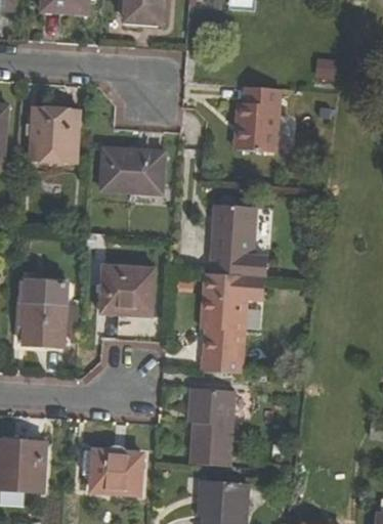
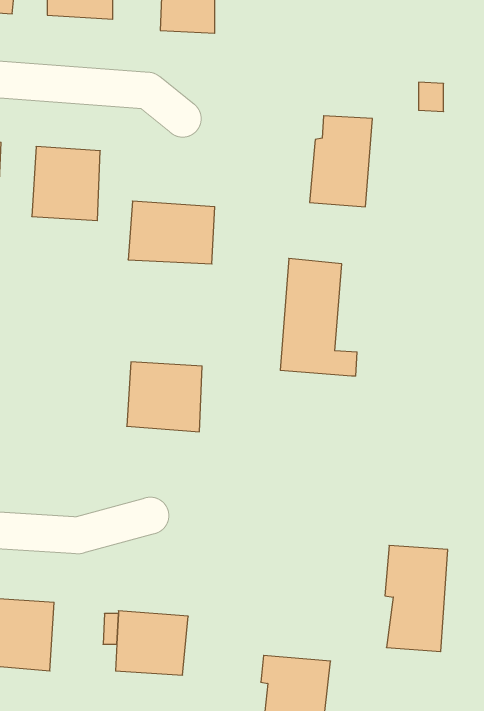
building: [201,271,264,373] -> none
building: [25,277,67,348] -> none
building: [188,388,235,466] -> [385,545,448,652]

